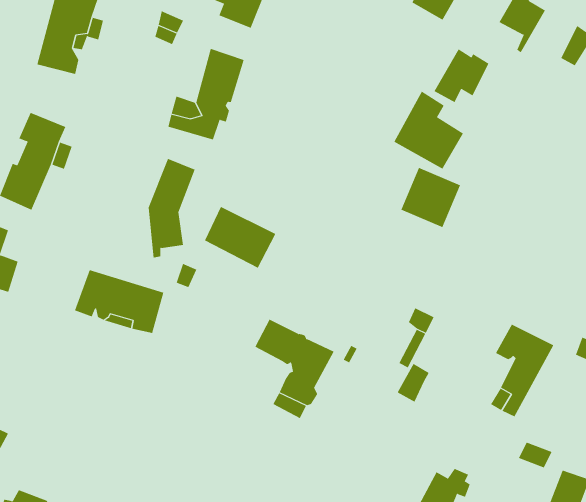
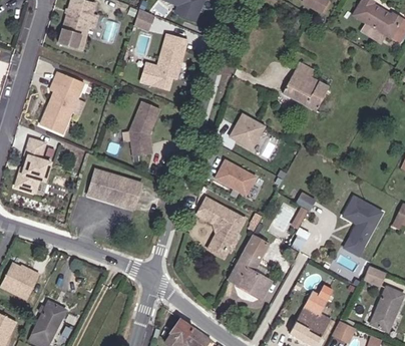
building: [434,49,489,103] -> [358,9,392,42]
building: [400,167,461,228] -> [228,114,265,151]
building: [204,206,276,268] -> [213,159,257,198]
building: none -> [225,238,270,298]

